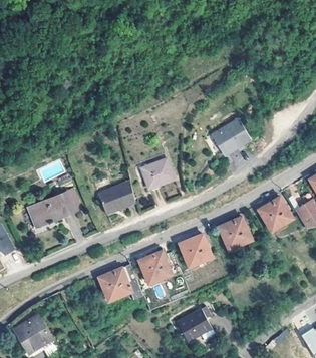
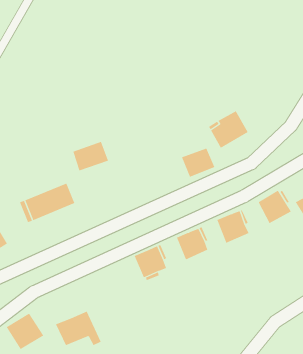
building: [140,159,174,189] -> [181,148,215,178]
building: [99,183,134,212] -> [73,141,109,171]
building: [98,265,143,299] -> [55,311,102,346]
building: [177,306,215,340] -> none

